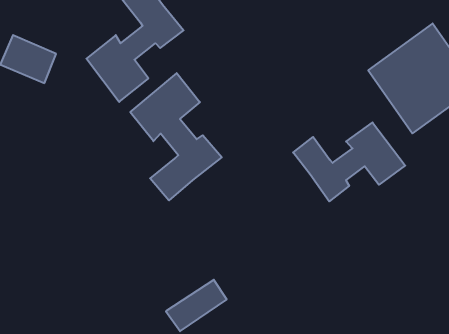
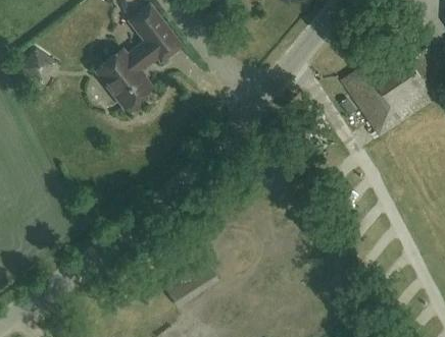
building: [130,73,222,200] -> none
building: [293,122,405,201] -> none

